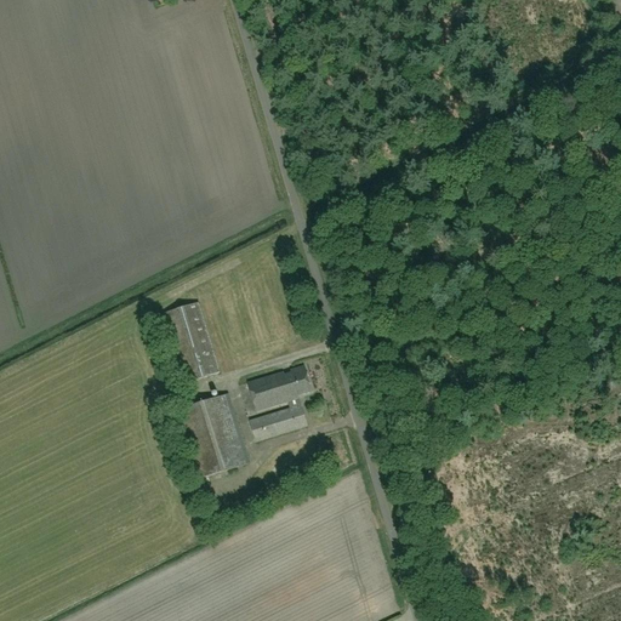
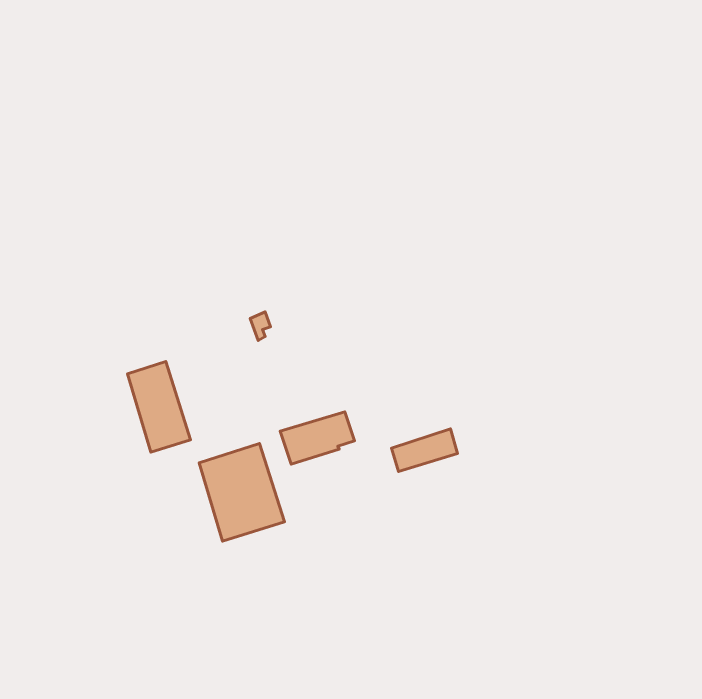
building: [165,301,221,381] -> [127,362,191,452]
building: [250,403,308,440] -> [392,429,457,471]

